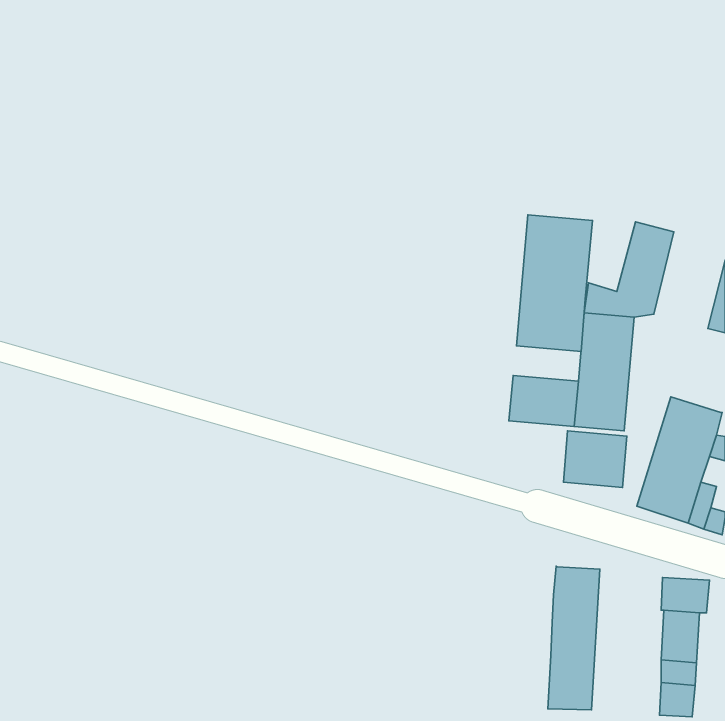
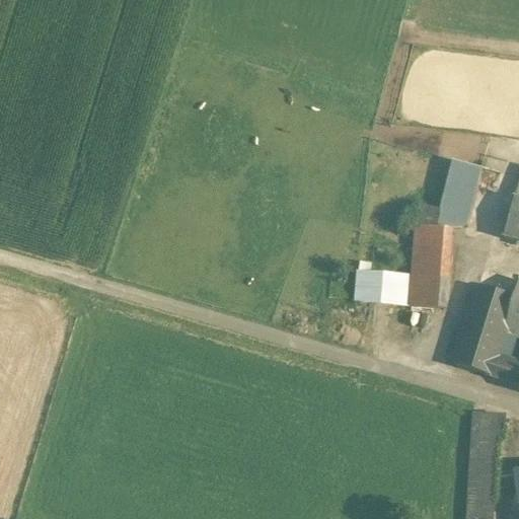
building: [516,215,592,352] -> none
building: [563,431,627,487] -> none
building: [548,566,600,710] -> none

